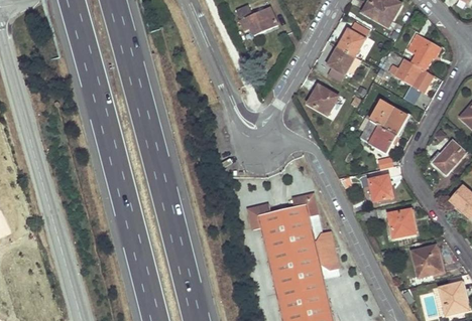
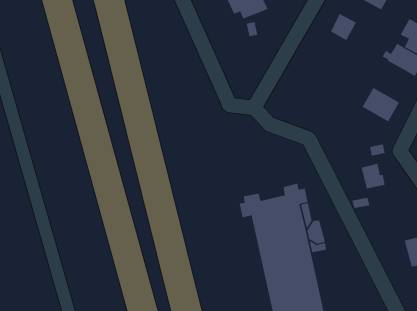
building: [328,46,354,73] -> none
building: [308,85,338,114] -> none
building: [360,120,395,151] -> none
building: [388,209,415,237] -> none

